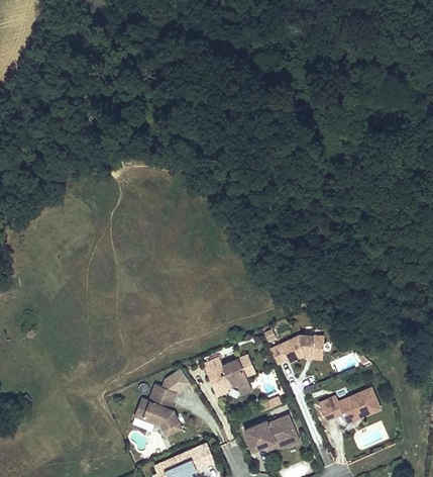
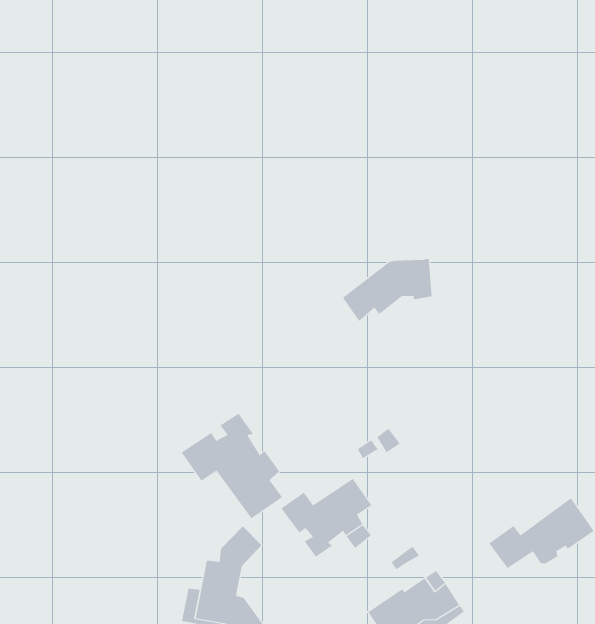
building: none -> [181,413,283,519]
building: [269,335,323,366] -> [342,258,432,322]

